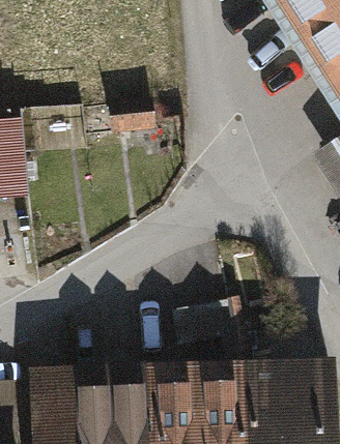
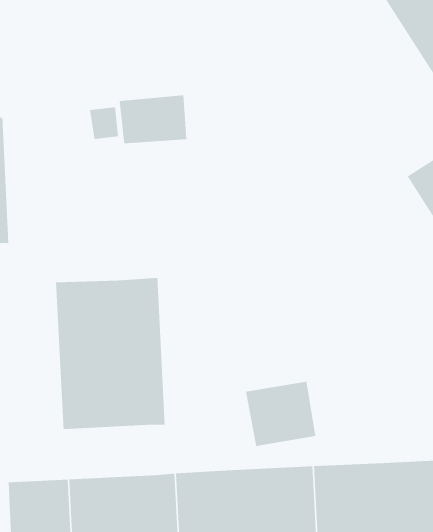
building: none -> [56,277,165,430]

